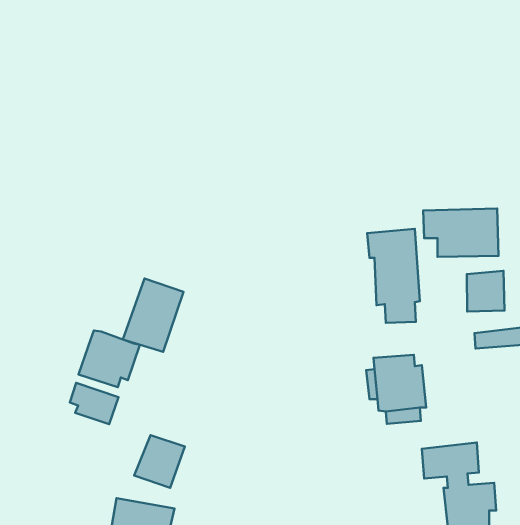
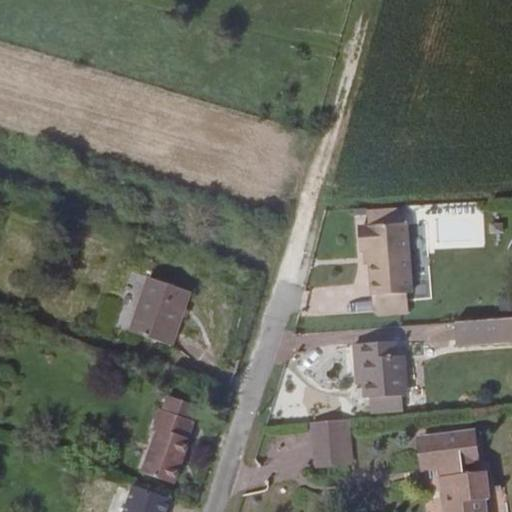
building: [467,271,504,311] -> none
building: [79,330,140,387] -> none
building: [70,383,118,424] -> [148,395,195,435]
building: none -> [312,425,351,472]

